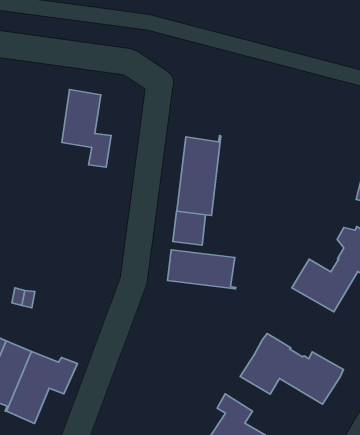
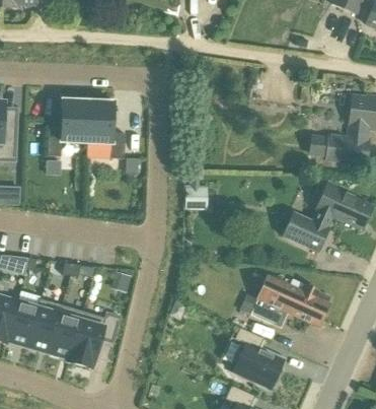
building: none -> [47,98,87,155]
building: [177,135,221,215] -> none
building: [167,250,236,289] -> none

